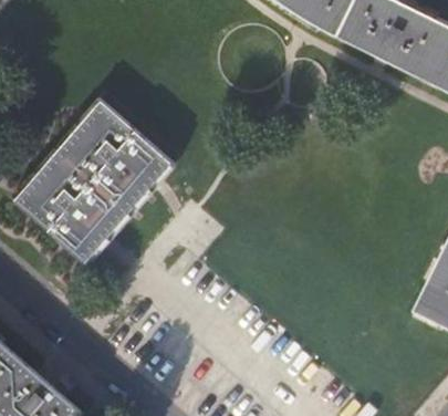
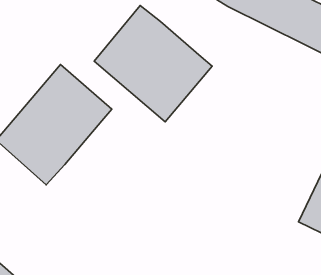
building: none -> [94,5,212,122]

